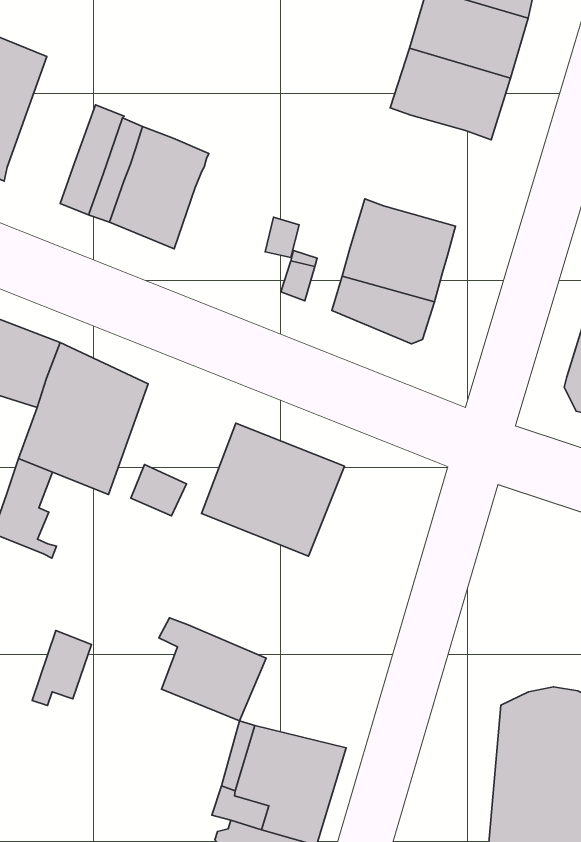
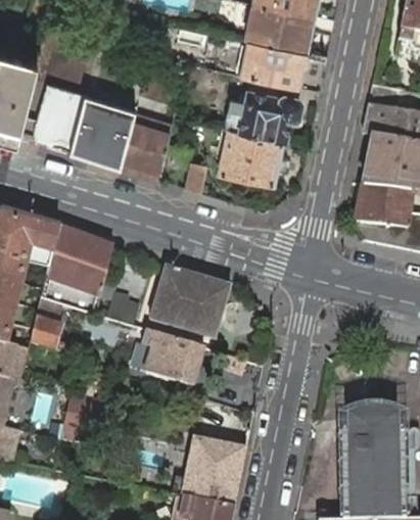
building: none -> [35,79,67,145]
building: none -> [224,76,299,138]
building: none -> [121,111,172,178]
building: [159,618,266,721] -> [141,328,204,384]

